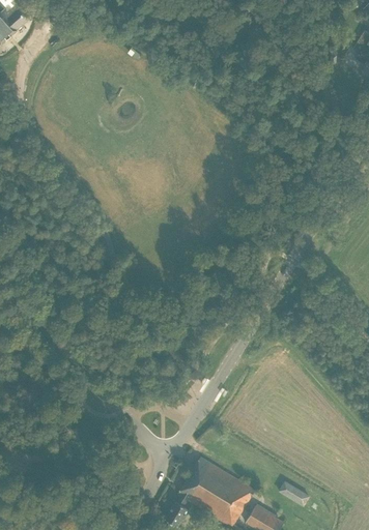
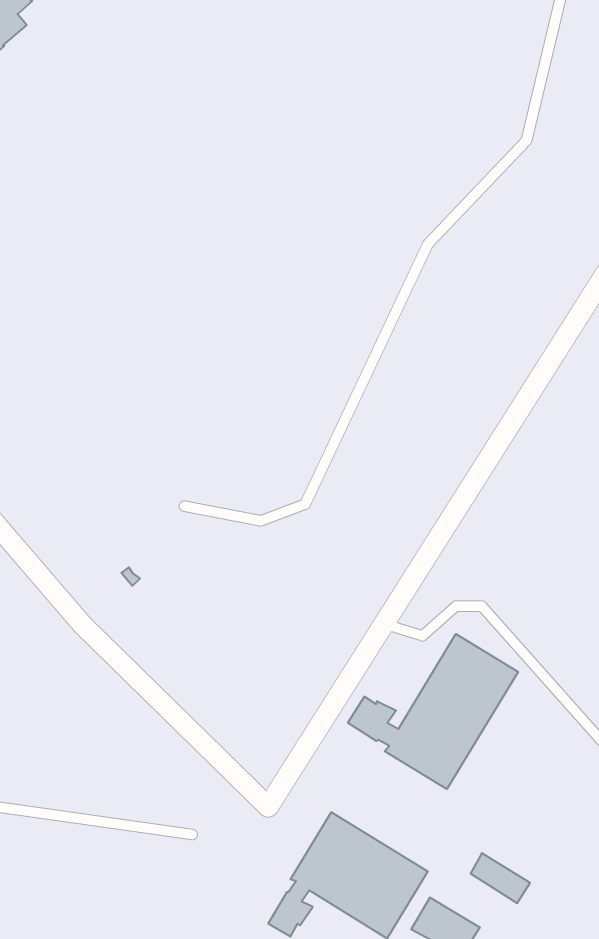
building: none -> [348,634,518,789]

